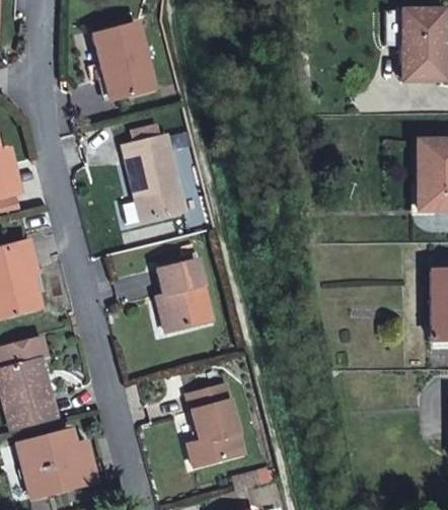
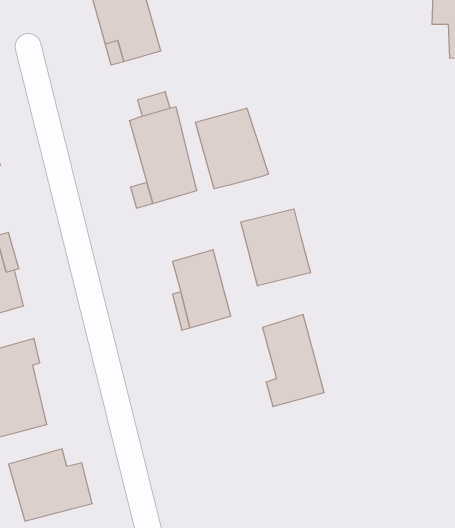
building: none -> [195,108,268,189]
building: none -> [241,209,311,286]
building: [189,383,242,463] -> [263,315,324,407]

